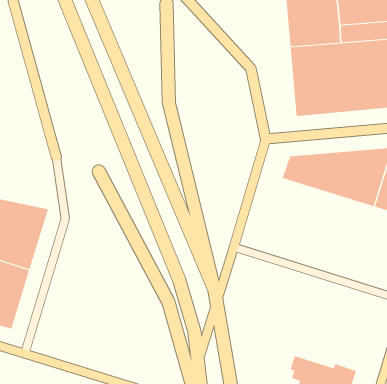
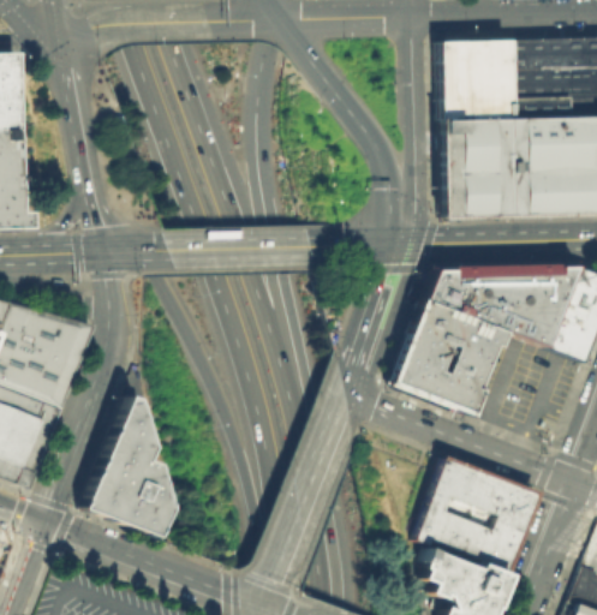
building: none -> [392,300,506,414]
building: none -> [84,394,171,536]
building: none -> [416,455,542,573]

